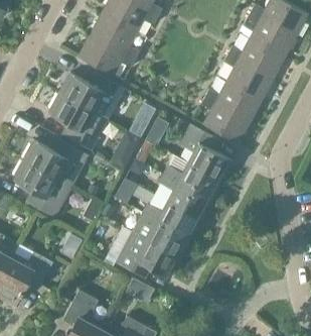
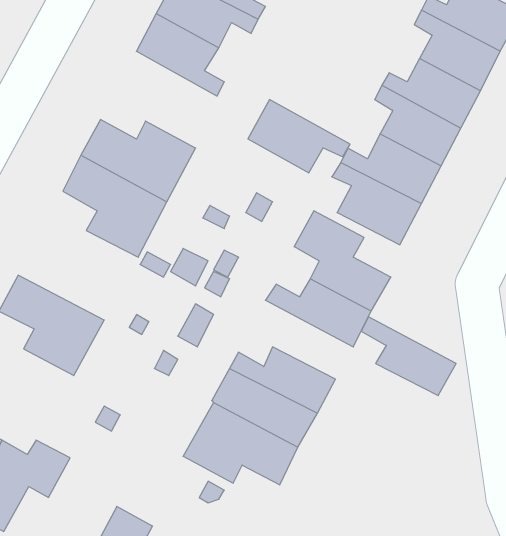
building: [77,34,135,76] -> [248,100,350,173]
building: [23,140,88,186] -> none
building: [158,175,211,219] -> [361,317,456,396]

